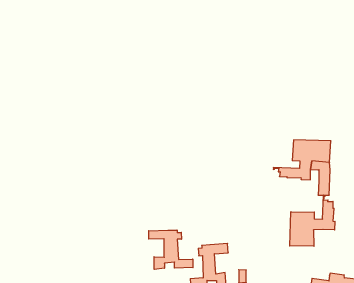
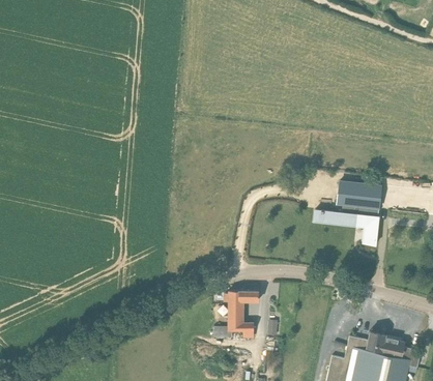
building: [290,195,335,246] -> none
building: [149,230,193,269] -> none

